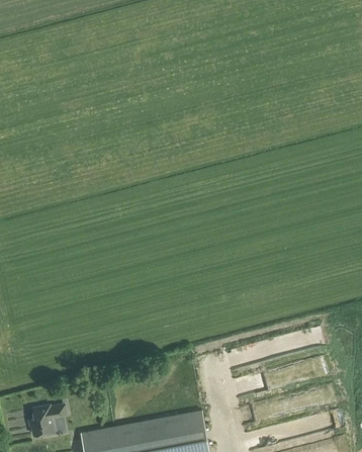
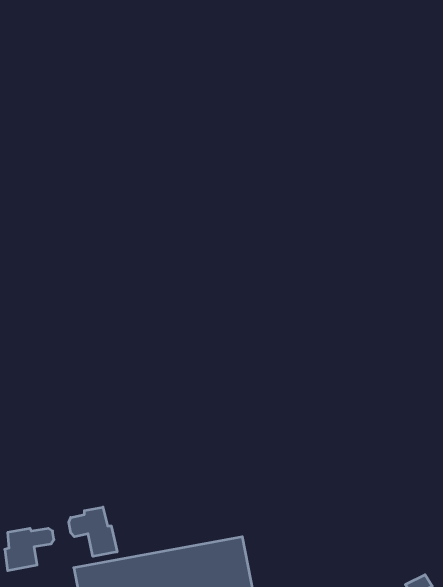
building: none -> [69,507,117,556]

